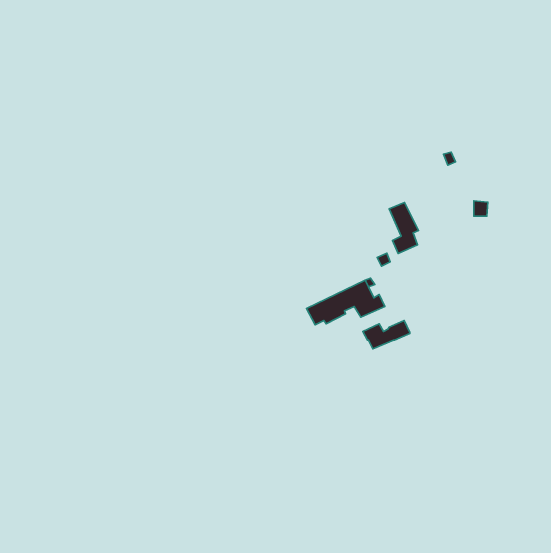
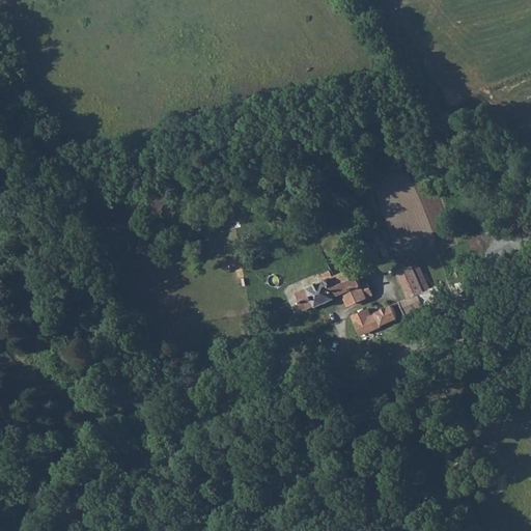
building: [389,202,419,253] -> [396,266,424,314]

